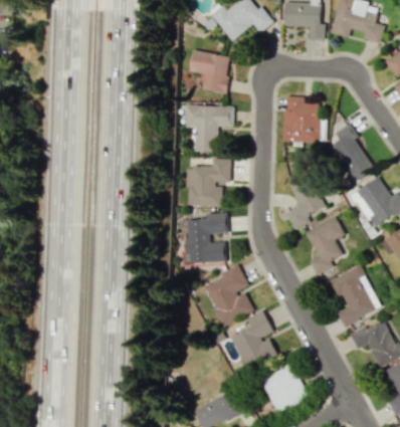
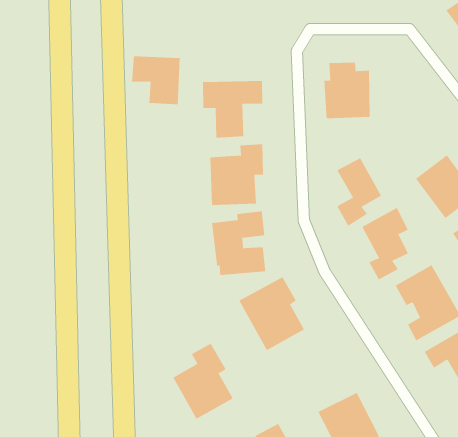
building: [188,50,229,92] -> [131,56,180,105]
building: [327,123,375,181] -> none
building: [230,309,278,371] -> [173,343,233,419]

